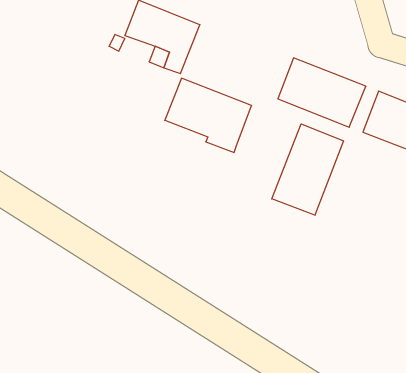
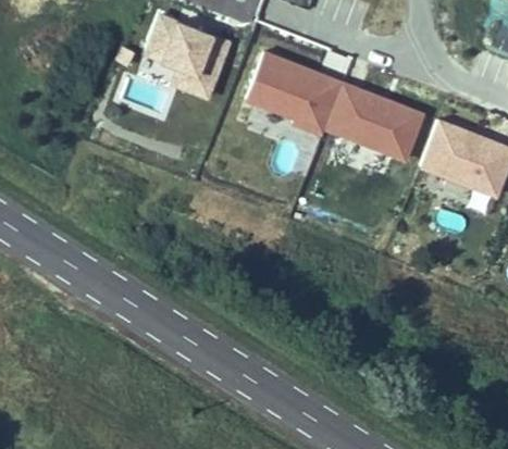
building: [165,78,252,153] -> [246,52,343,135]
building: [272,124,344,215] -> none

